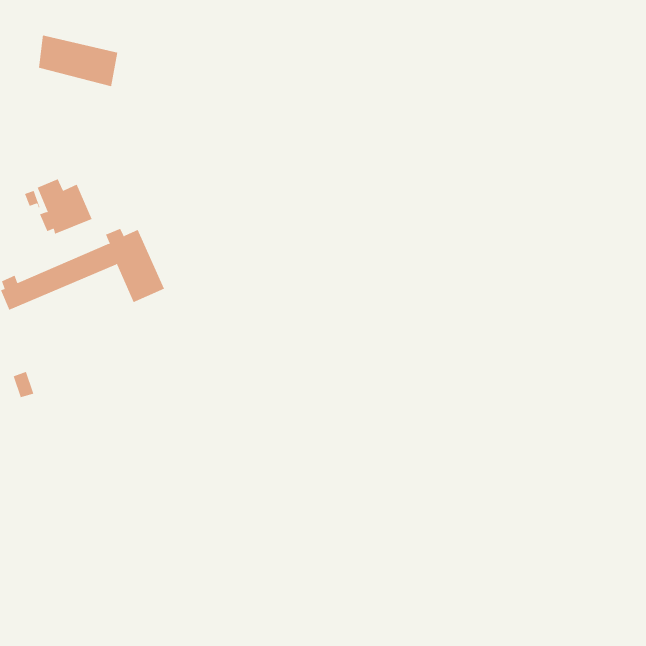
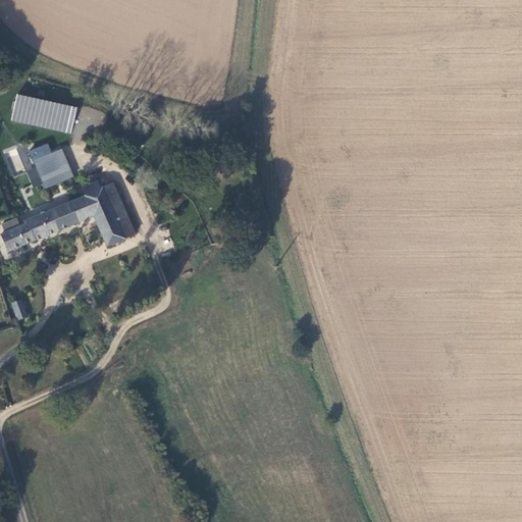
building: [38,35,118,87] -> [10,92,74,134]

